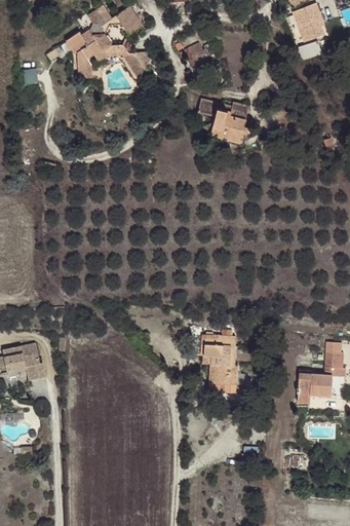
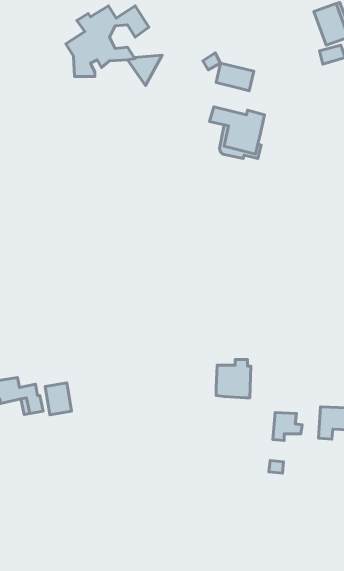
building: none -> [216,63,254,91]
building: none -> [45,383,71,415]
building: [208,364,235,389] -> [273,412,302,441]

